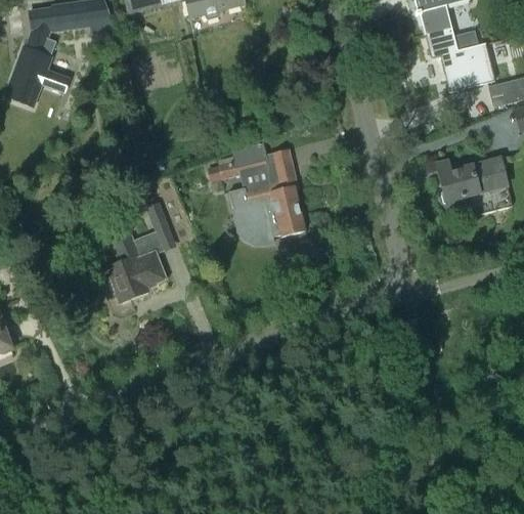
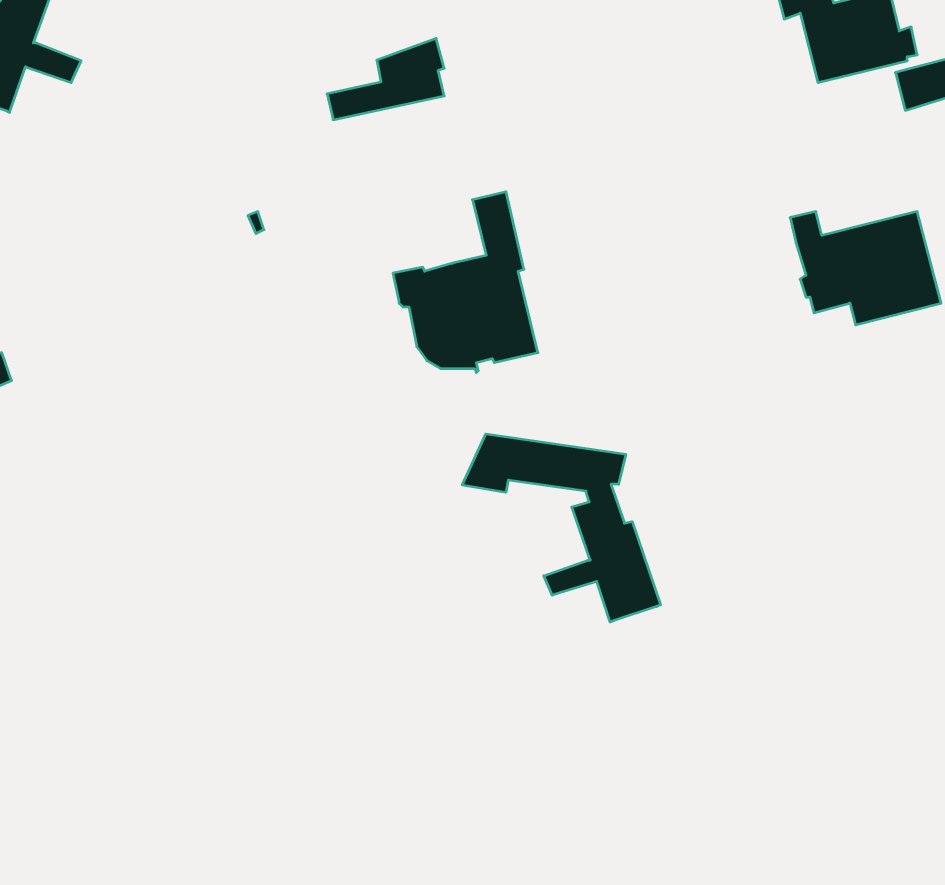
building: [208,136,268,178] -> [327,38,444,120]
building: [105,205,176,305] -> none
building: none -> [462,434,661,622]

